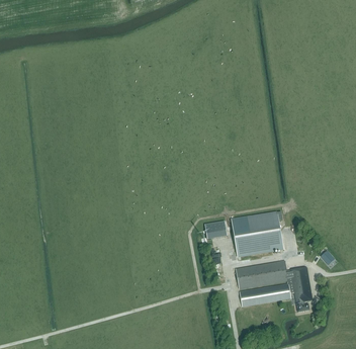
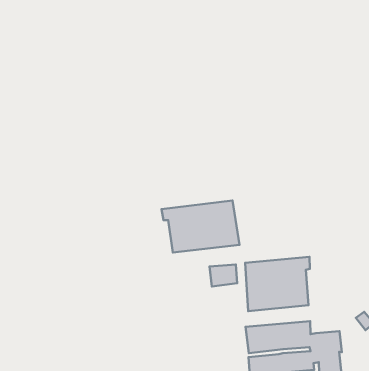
building: none -> [162,200,240,253]

